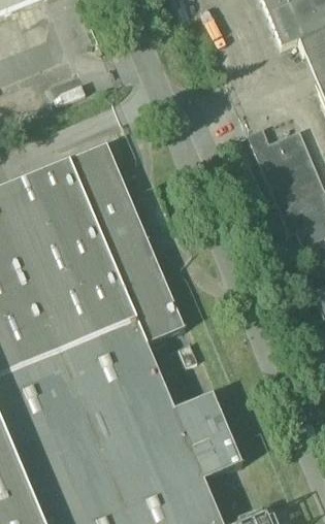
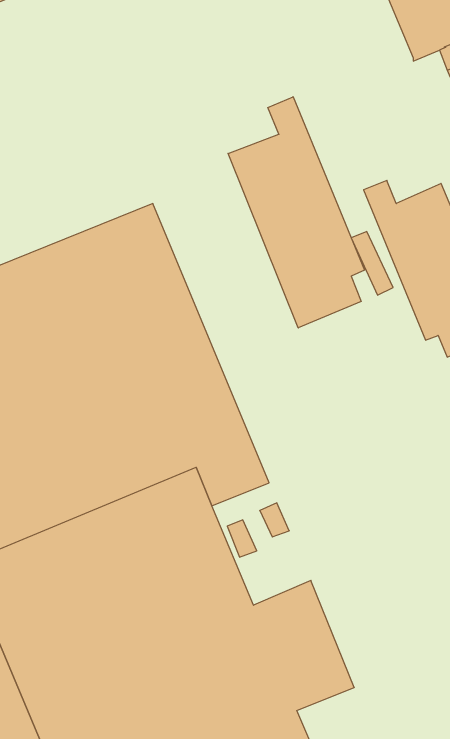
building: none -> [228,97,365,328]

